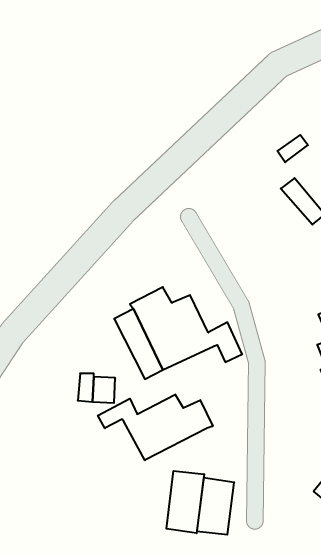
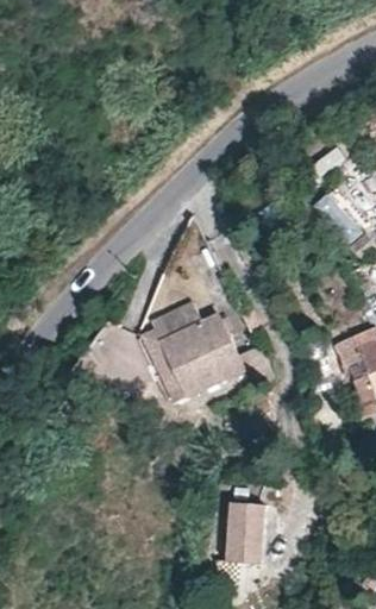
building: [98,394,213,460] -> none
building: [166,471,204,533] -> none

